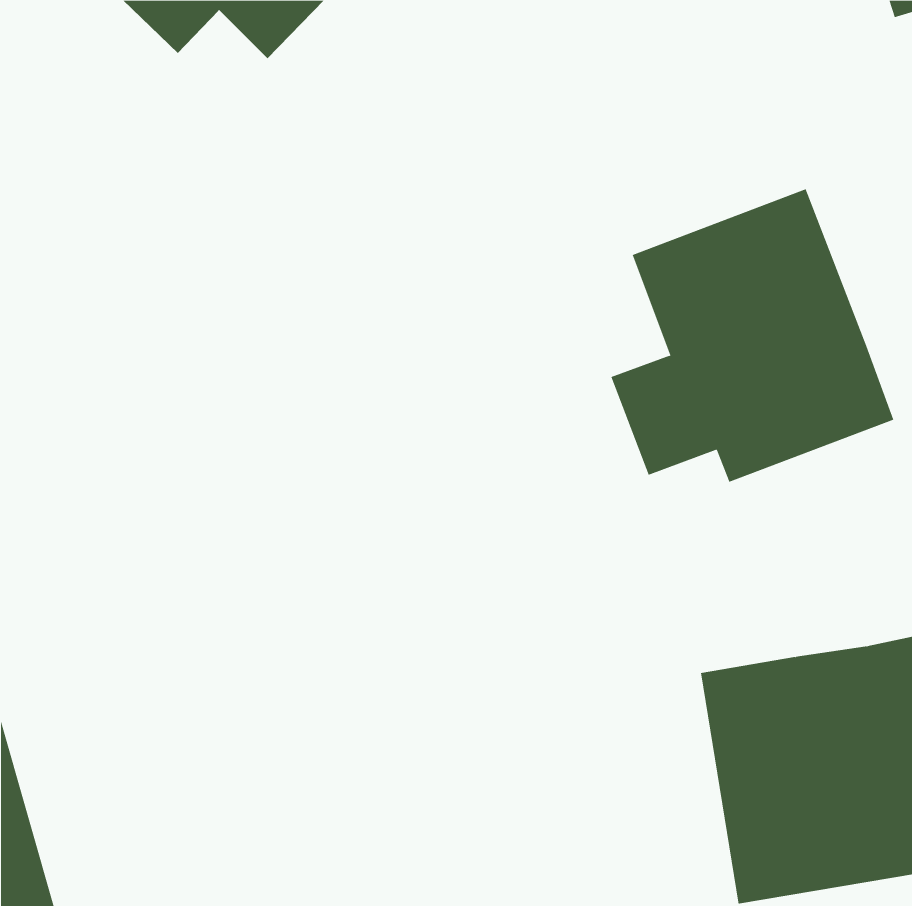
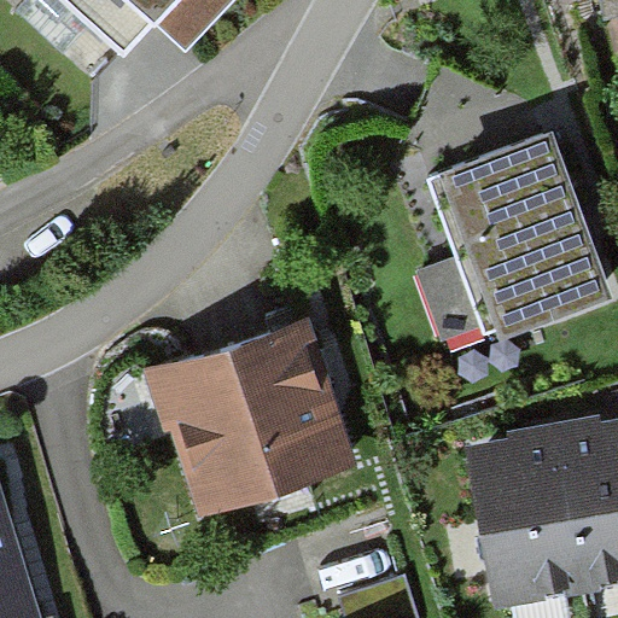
building: none -> [148,320,357,519]

